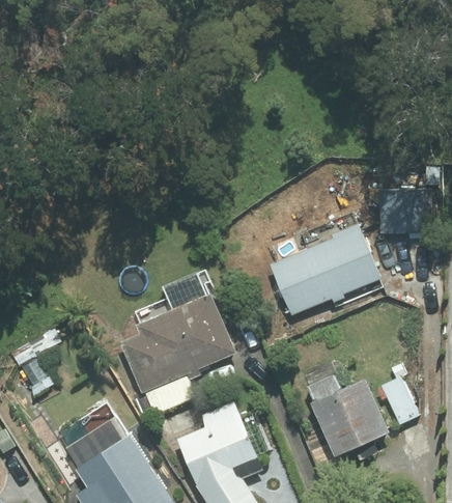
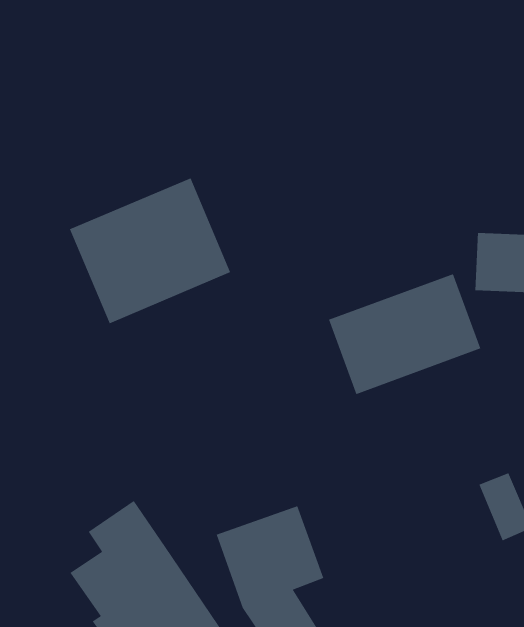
building: none -> [69,177,231,324]
building: [123,269,236,417] -> none
building: [307,373,392,456] -> none

